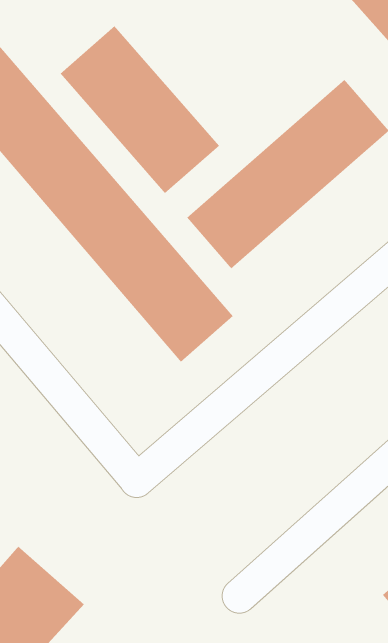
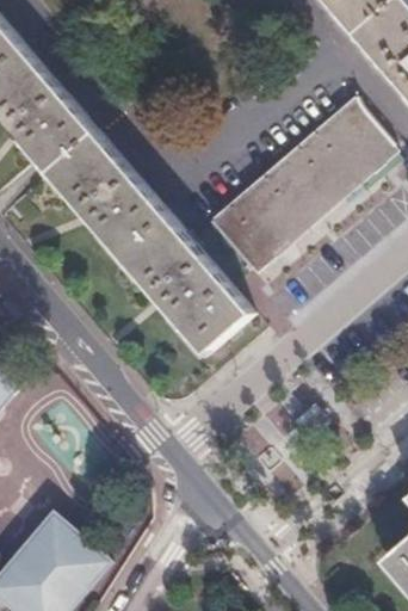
building: [59,25,220,194] -> none

